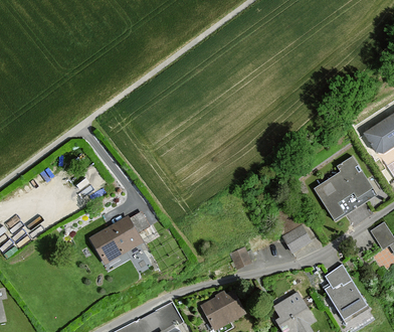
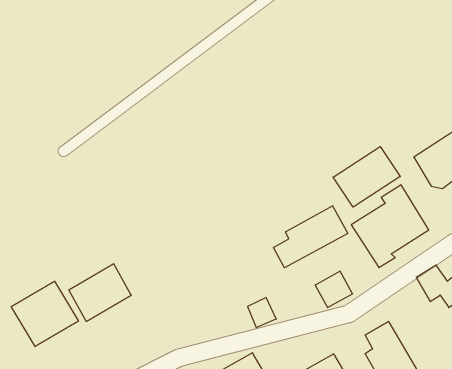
building: none -> [333,147,400,207]
building: none -> [273,206,348,268]
building: none -> [11,281,79,347]

